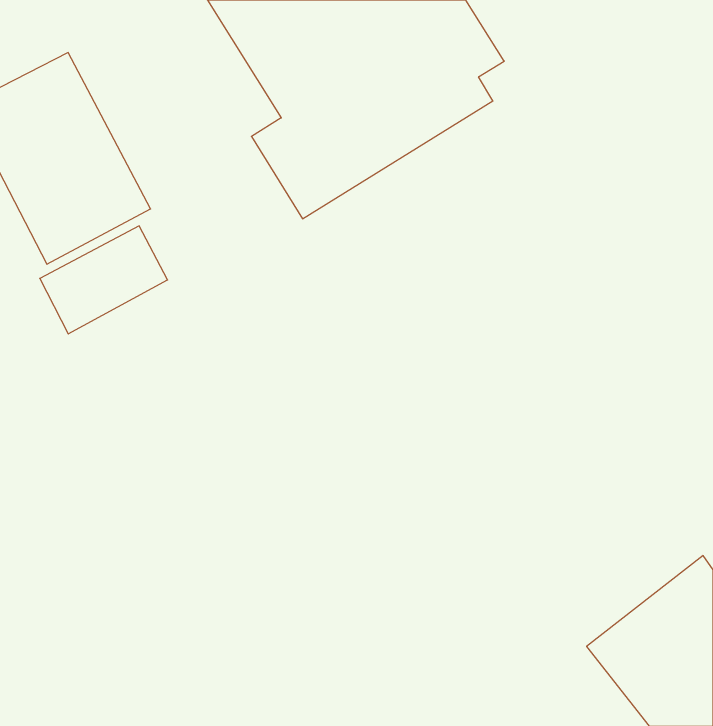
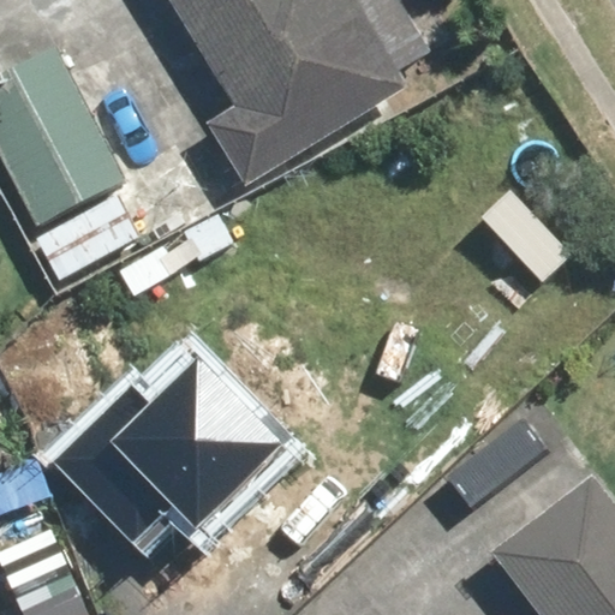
building: none -> [35,359,267,549]

